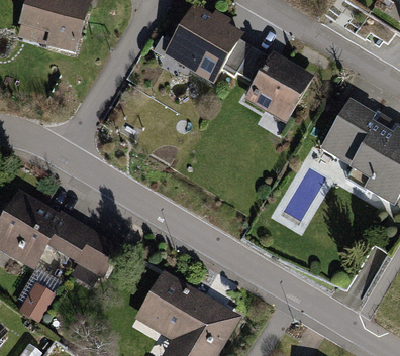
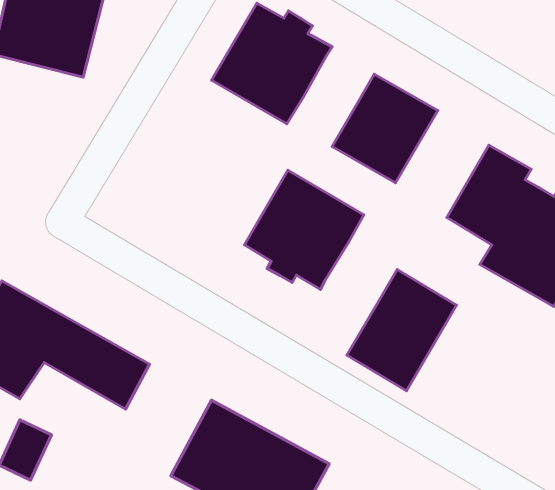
building: [223,39,268,83] -> none
building: none -> [244,170,364,290]
building: none -> [347,269,457,391]

